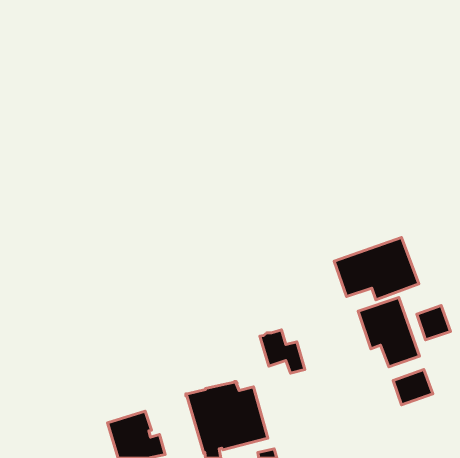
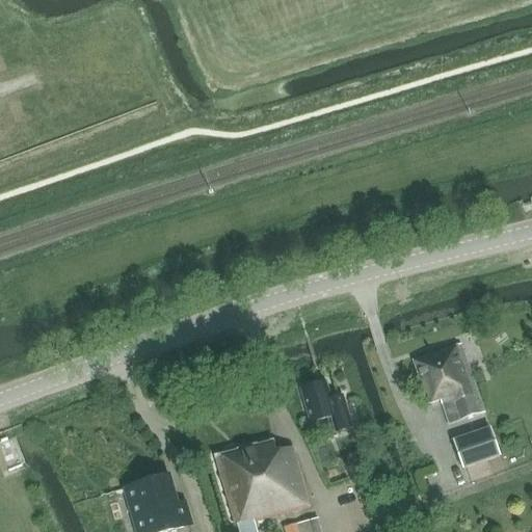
building: [334,237,419,300] -> none
building: [417,305,450,340] -> none

